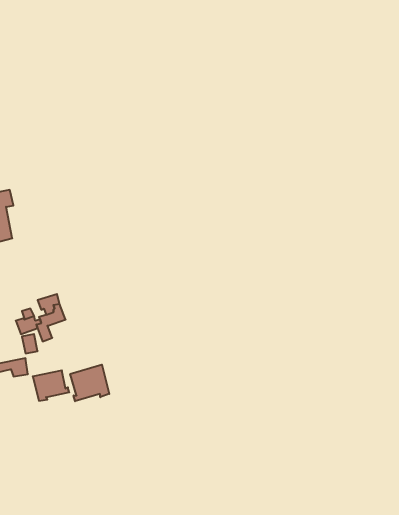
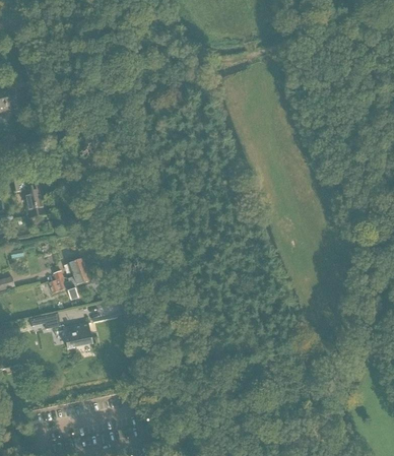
building: [70,365,109,401] -> none

